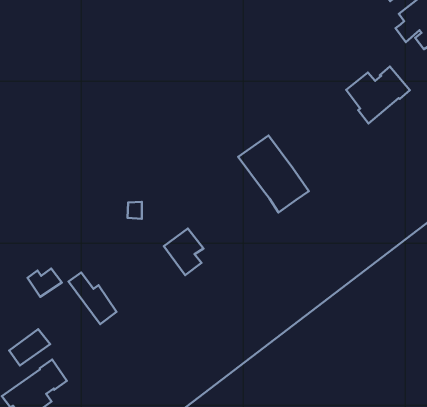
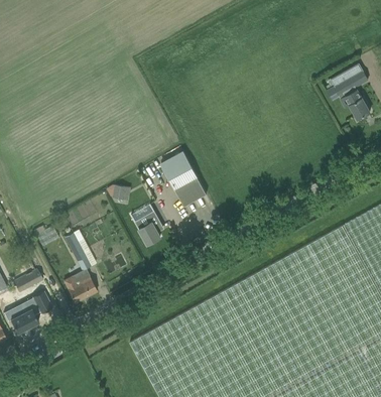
building: [346,67,410,124] -> none
building: [238,136,309,212] -> [159,151,207,208]
building: none -> [62,275,97,303]

